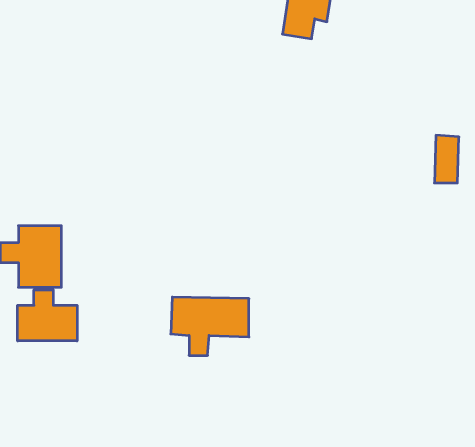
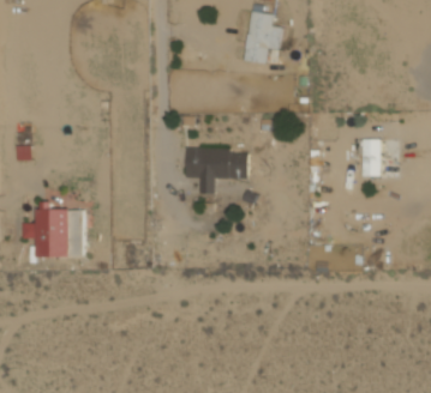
building: [18,290,77,341] -> none
building: [171,297,249,355] -> [186,147,247,193]

